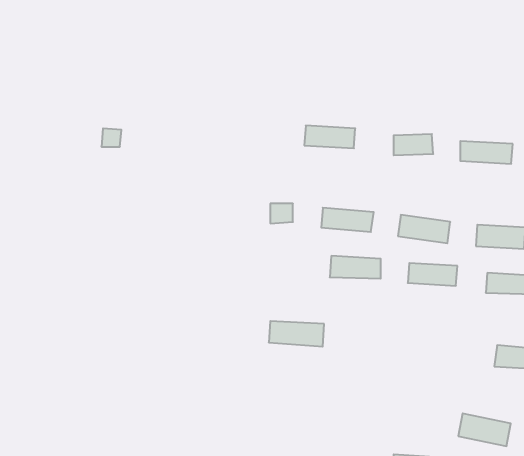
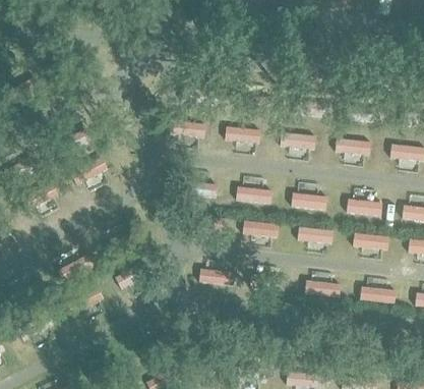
building: [458,413,511,446] -> [305,277,343,300]

